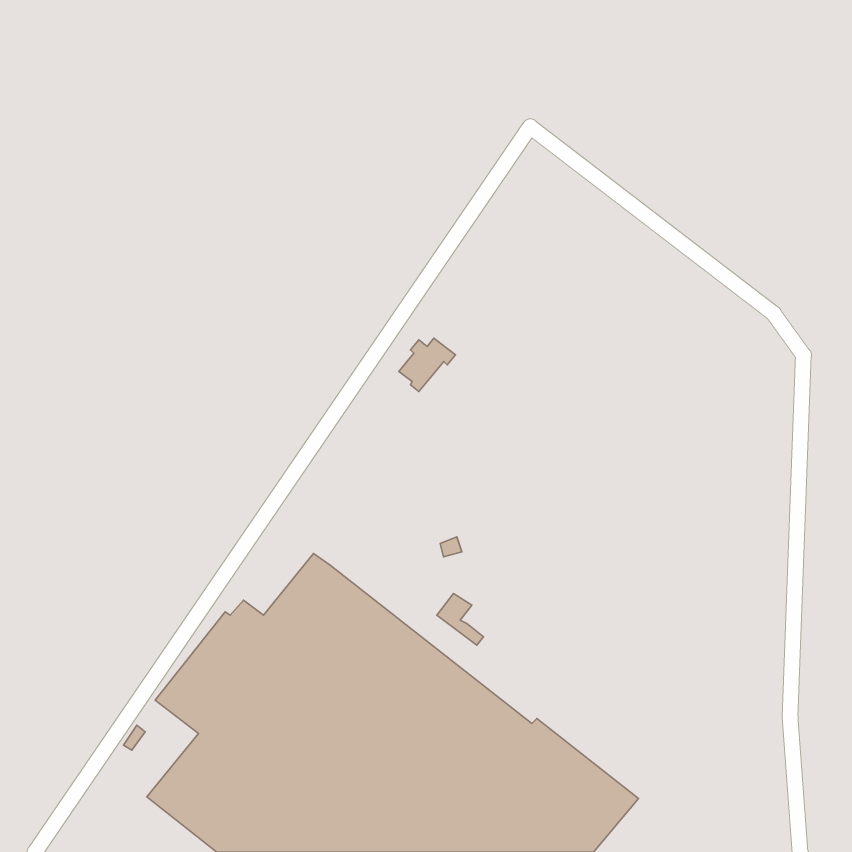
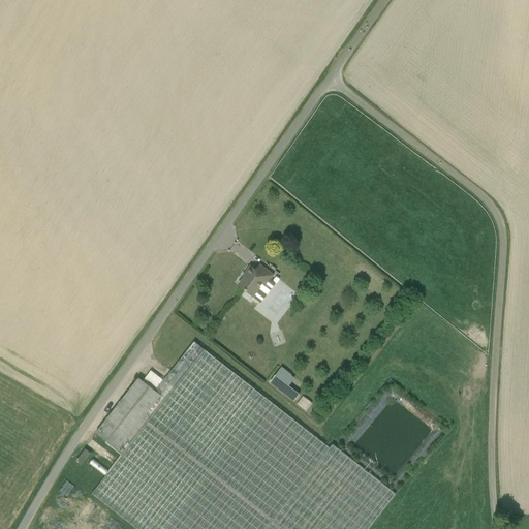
building: [399,338,456,391] -> [239,266,274,299]

